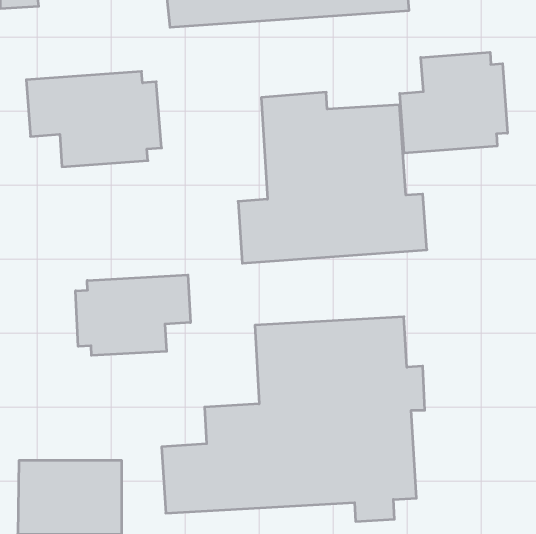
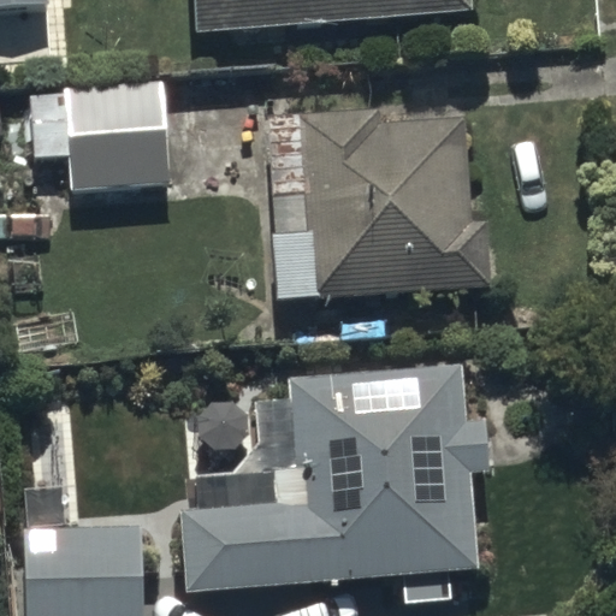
building: [400,52,507,153] -> none
building: [76,275,190,355] -> none

